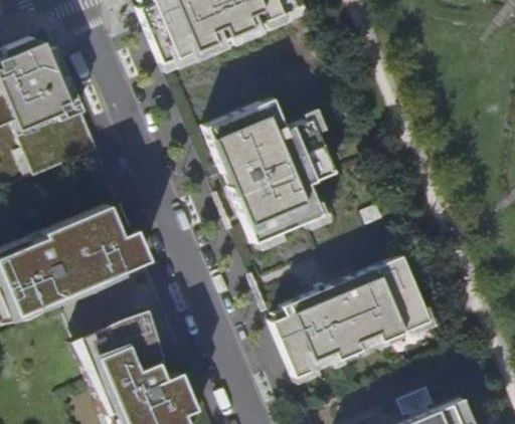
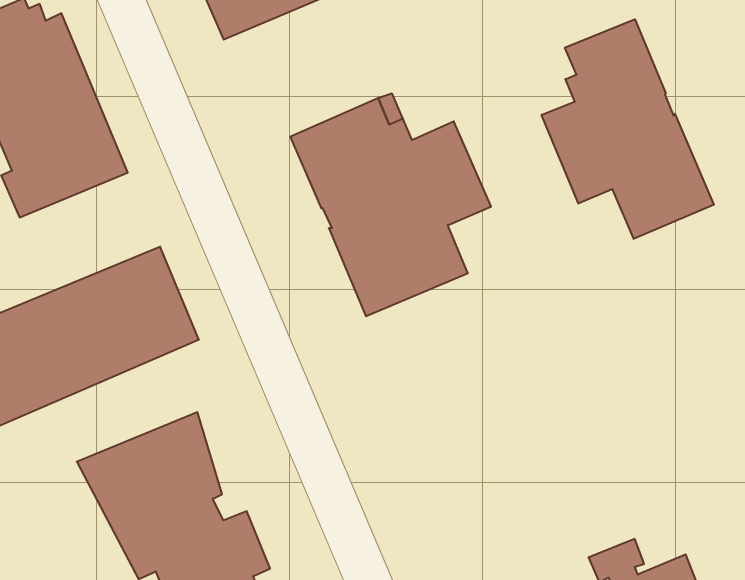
building: none -> [542,19,714,239]
building: [274,258,432,380] -> none

